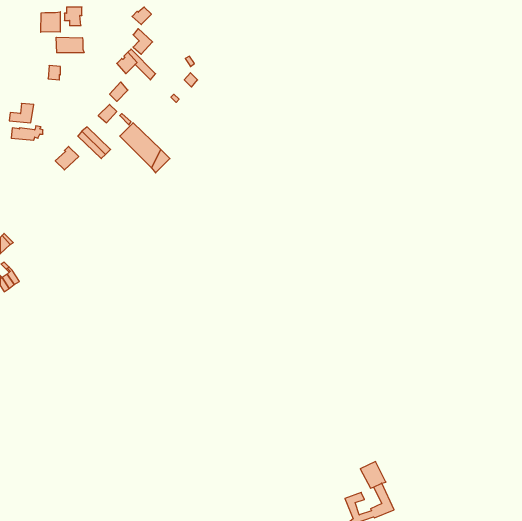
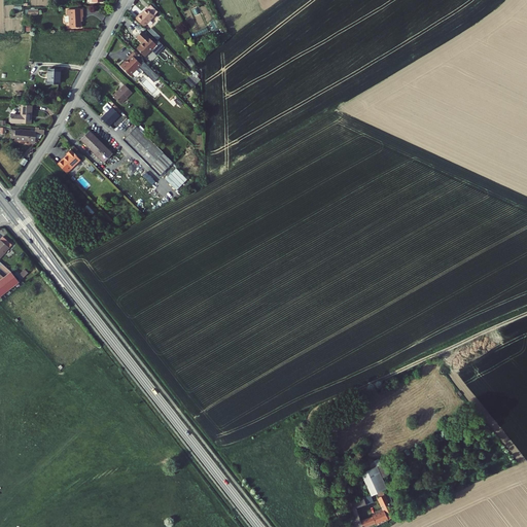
building: [41,12,60,32] -> none
building: [56,37,84,53] -> none

